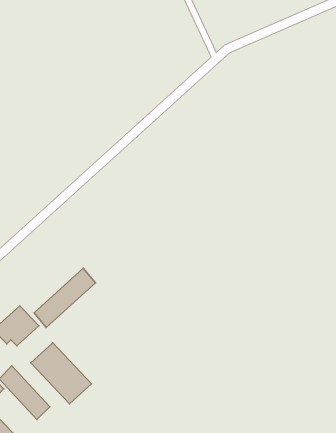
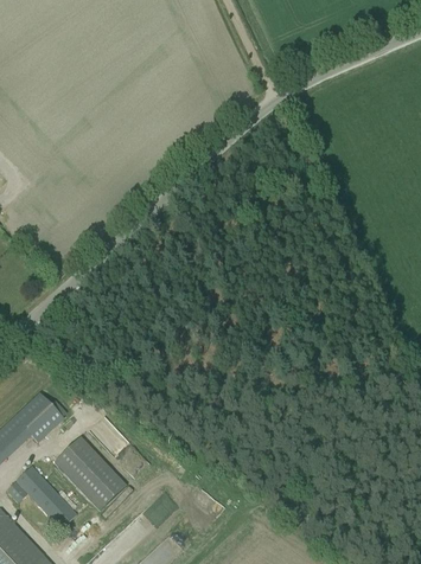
building: [34,268,95,327] -> none

